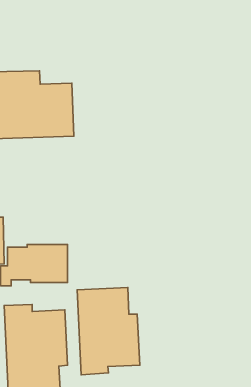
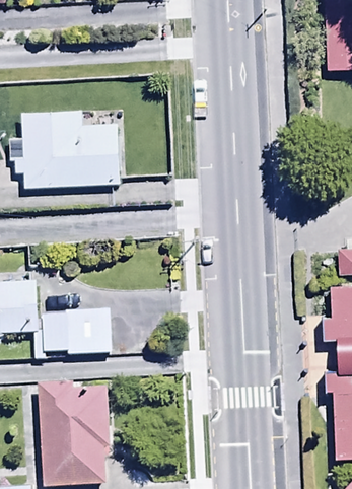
building: [77,288,140,375] -> none

